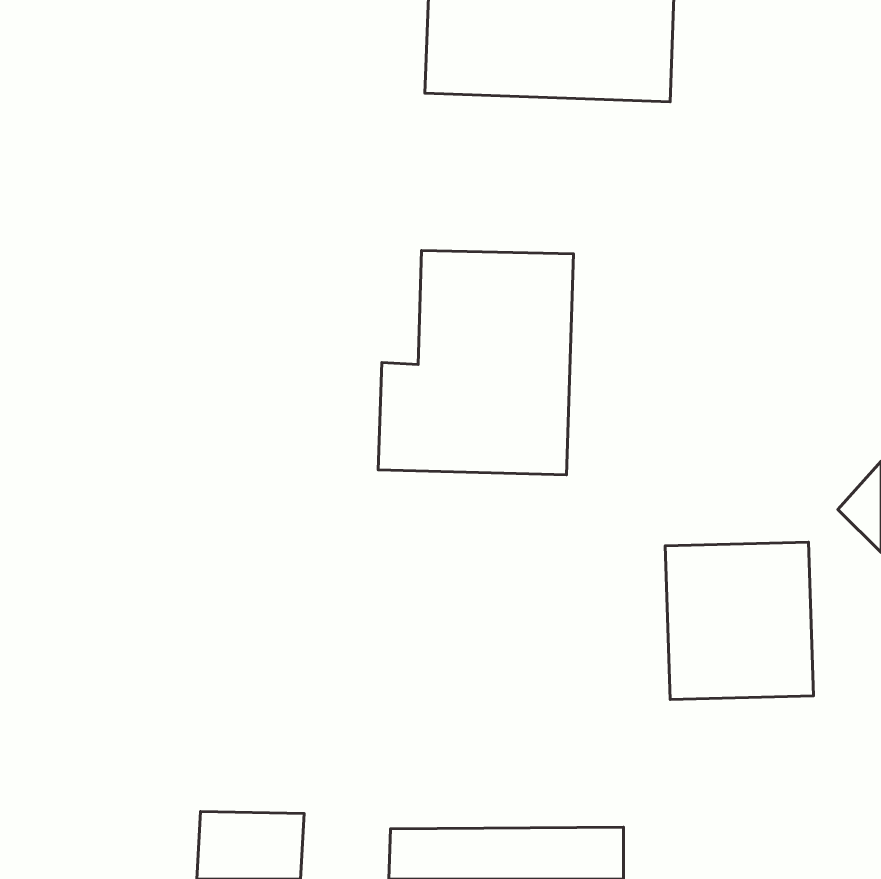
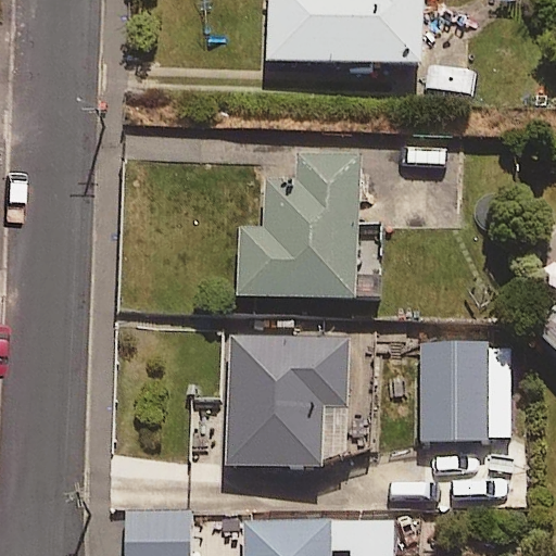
building: none -> [226,336,349,466]

